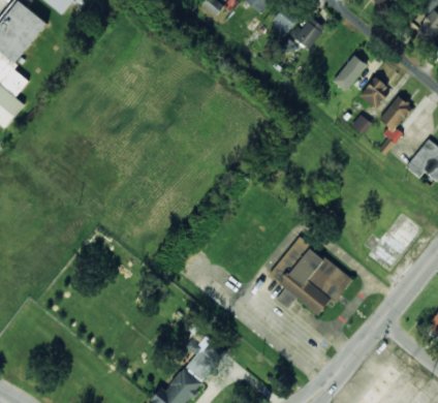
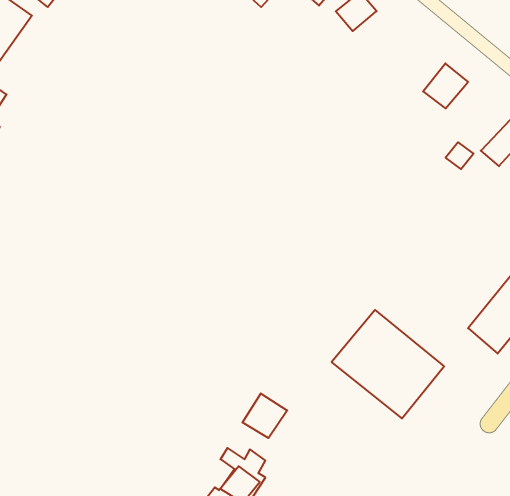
building: [293,18,325,50] -> none
building: [359,76,390,109] -> none
building: none -> [242,393,287,438]

